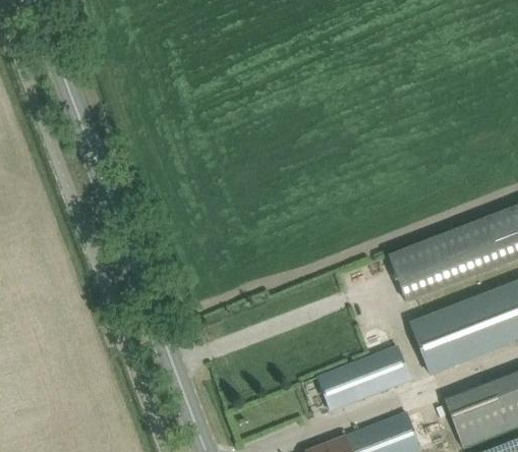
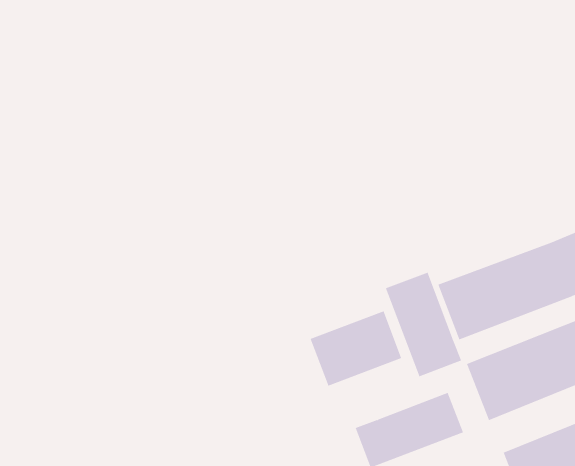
building: none -> [385,272,462,377]
building: none -> [310,310,402,387]

